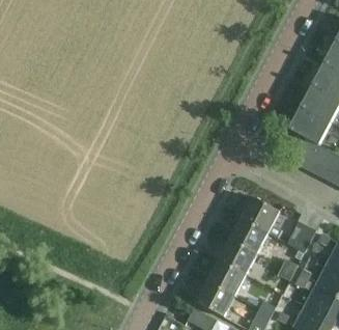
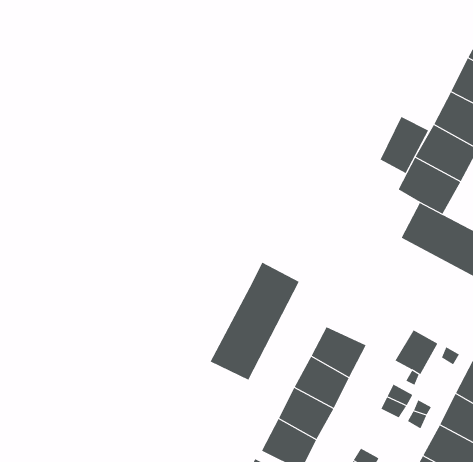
building: none -> [380,116,429,174]
building: none -> [210,262,299,381]
building: [241,196,279,231] -> none

